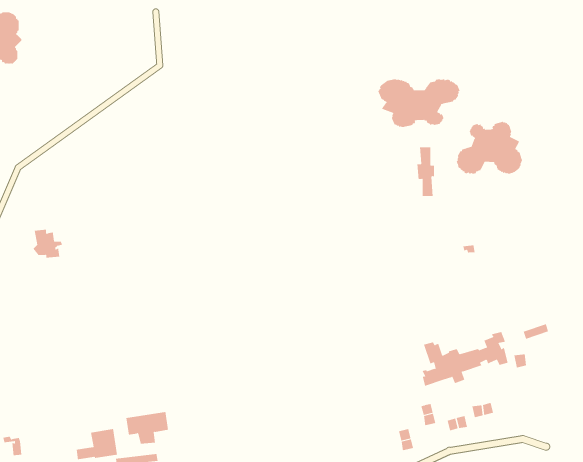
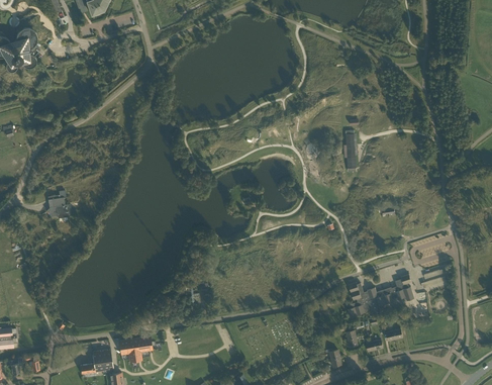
building: [378,78,461,128] -> none
building: [456,121,523,175] -> none

